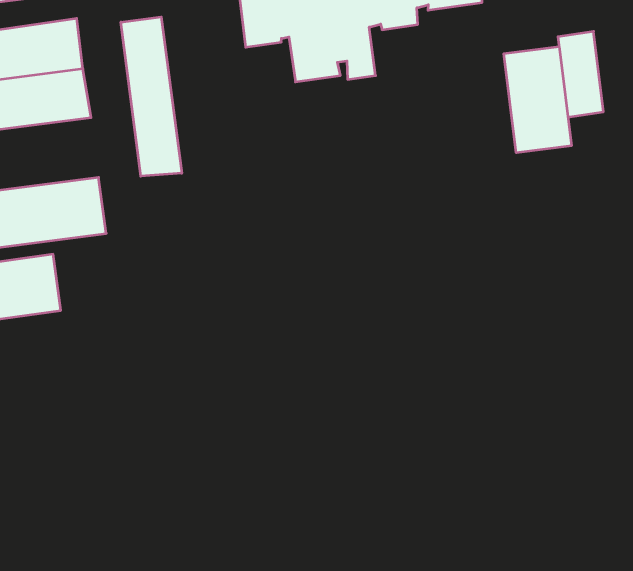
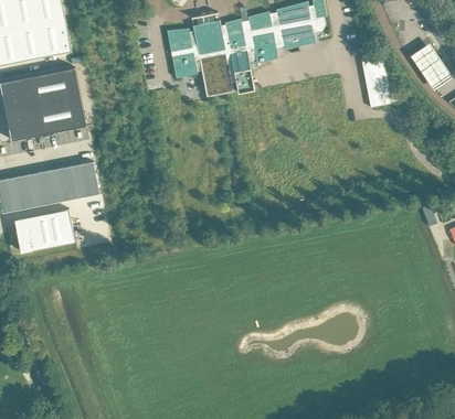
building: [121,17,182,176] -> none
building: [504,46,571,153] -> none

